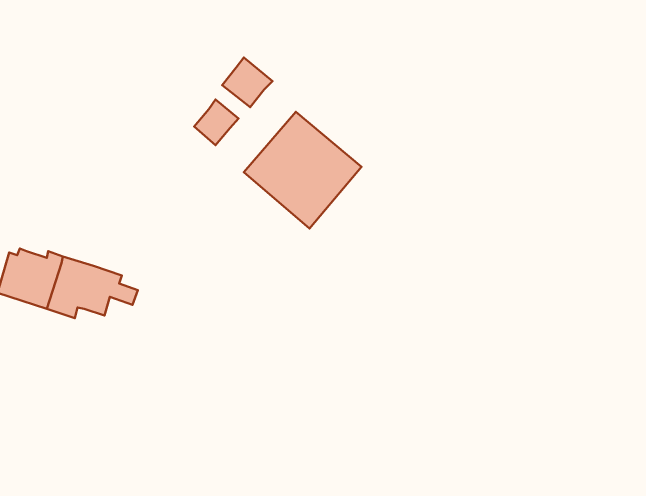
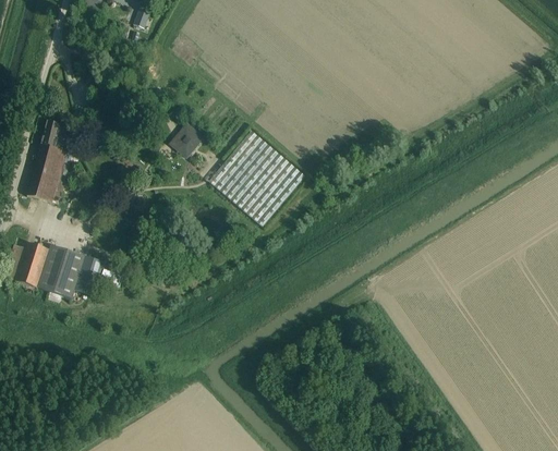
building: [222,58,272,107] -> none
building: none -> [27,121,80,204]

